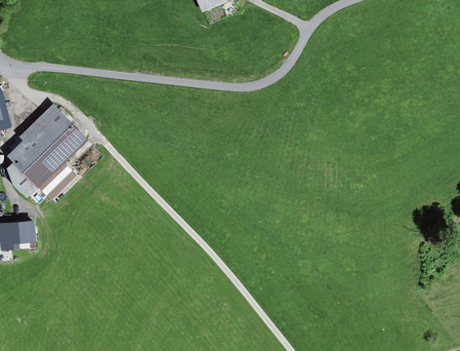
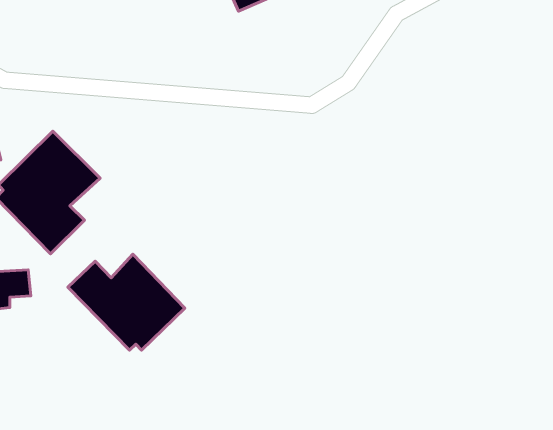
building: none -> [68,254,185,350]

